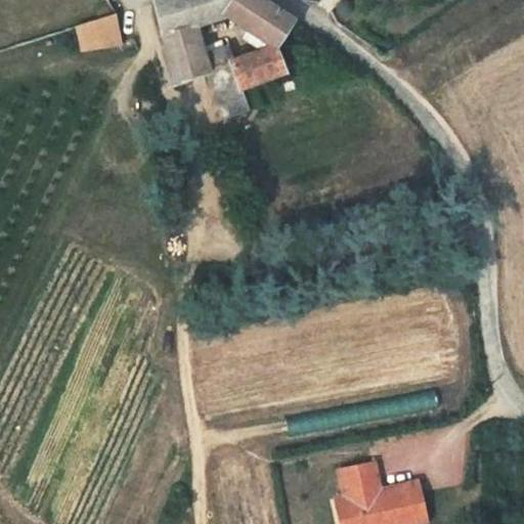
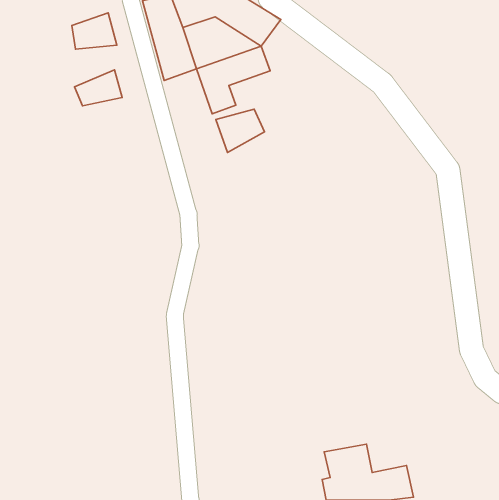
building: none -> [75,70,122,106]
building: none -> [216,109,265,153]

